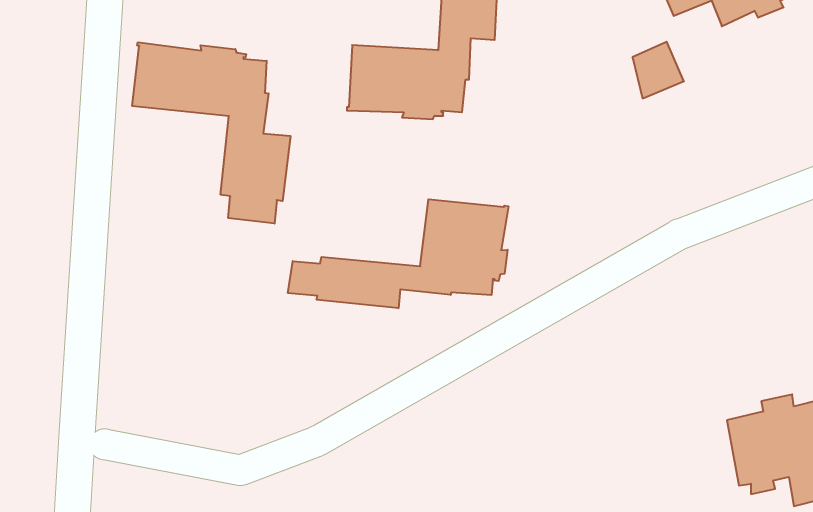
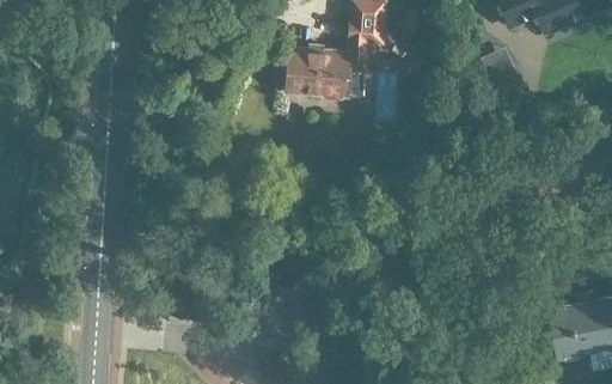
building: [132,42,290,224] -> none
building: [288,199,508,308] -> none

